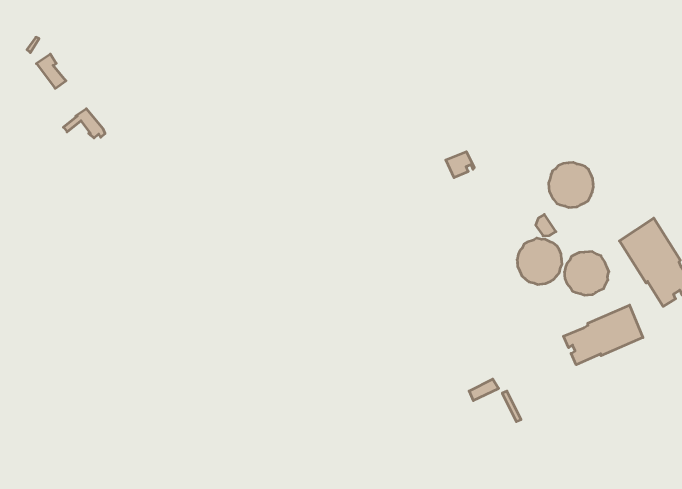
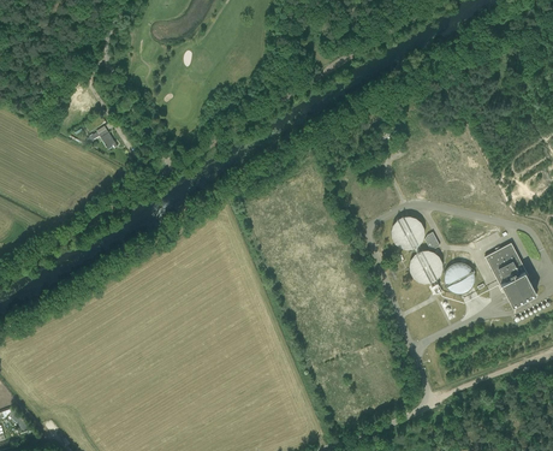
building: [549,162,593,207] -> [391,215,423,248]
building: [563,305,643,365] -> none

